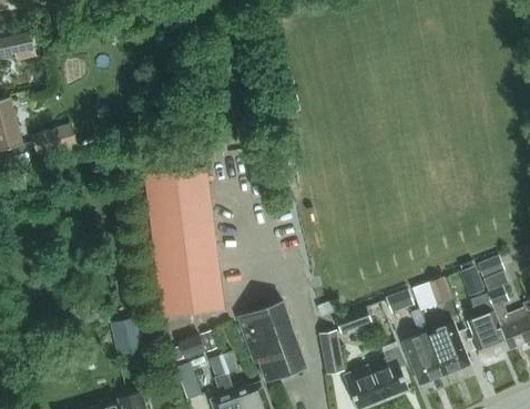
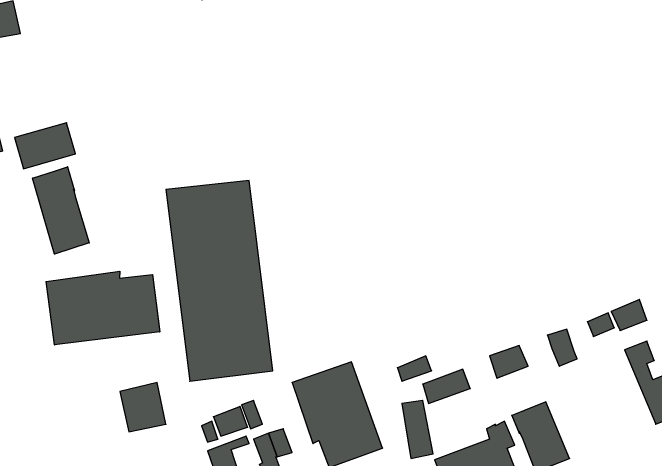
building: none -> [33,167,89,254]
building: none -> [46,271,160,345]
building: [469,293,509,359] -> none
building: [427,324,469,374] -> none

